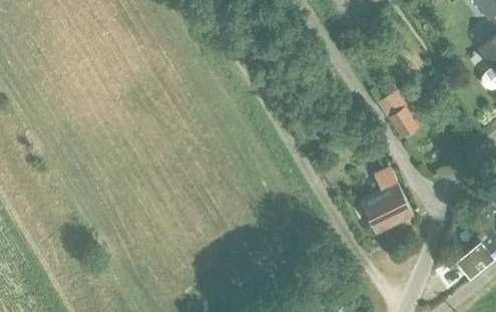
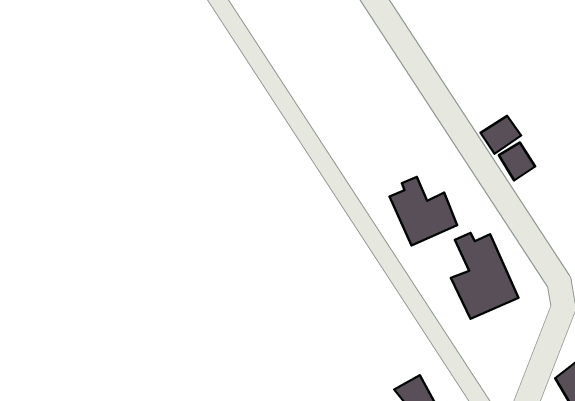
building: none -> [390,177,457,245]

